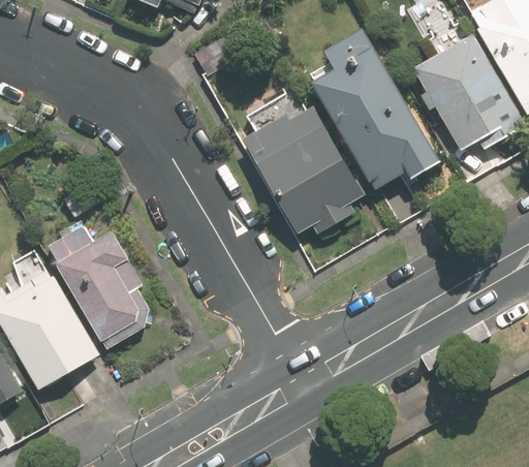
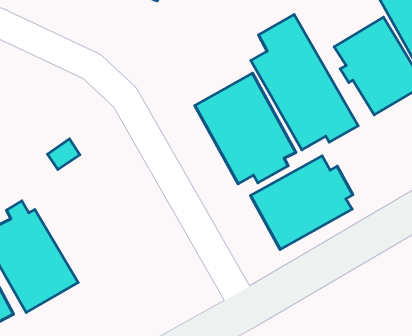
building: none -> [250,156,353,250]
building: [45,222,159,351] -> none

